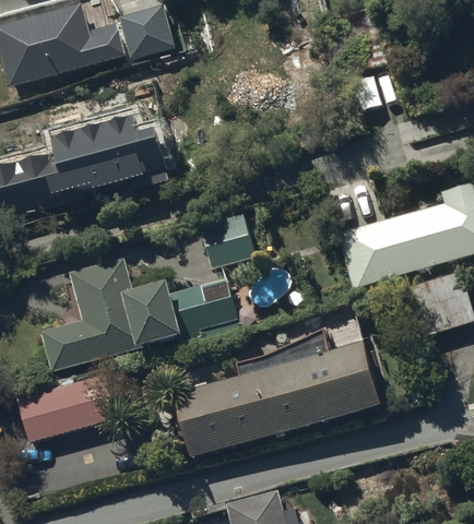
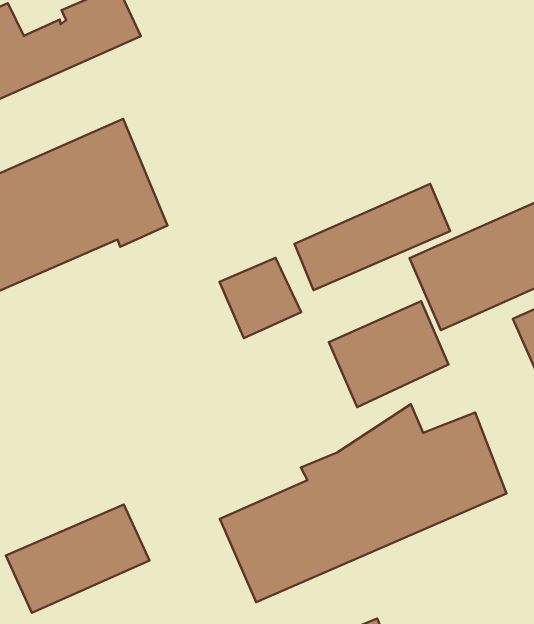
building: none -> [295,184,450,290]
building: [42,258,235,371] -> none
building: none -> [329,301,449,407]

